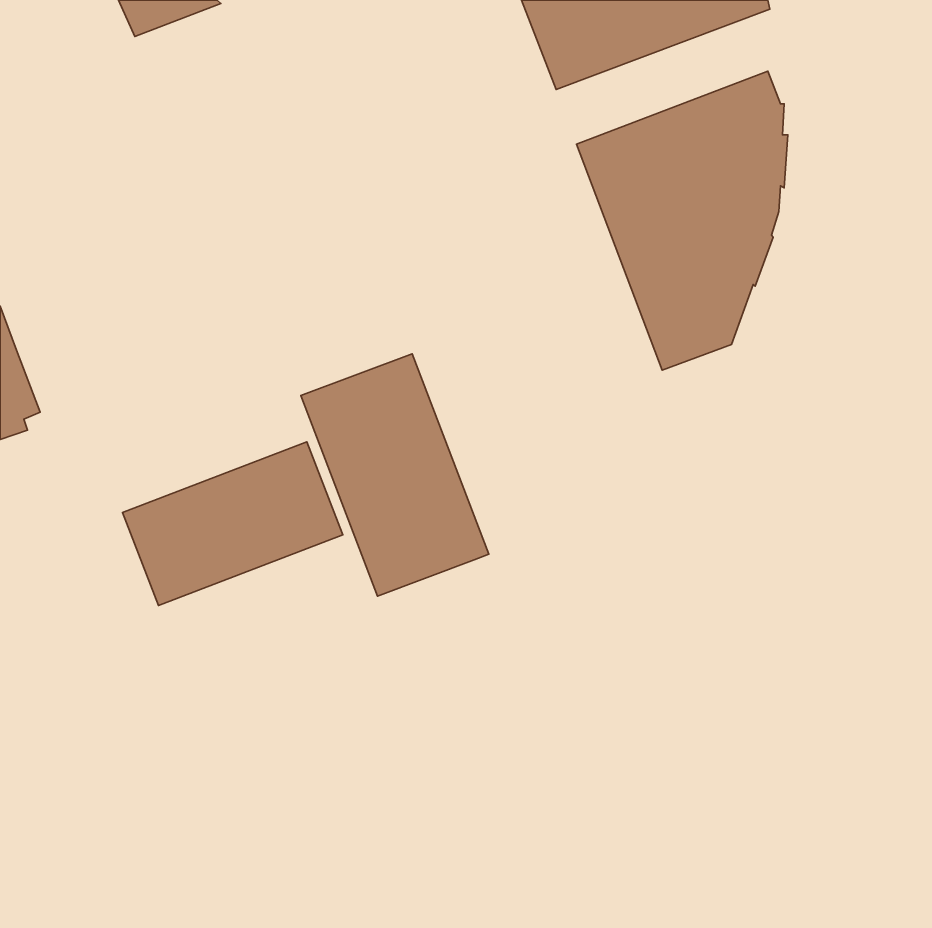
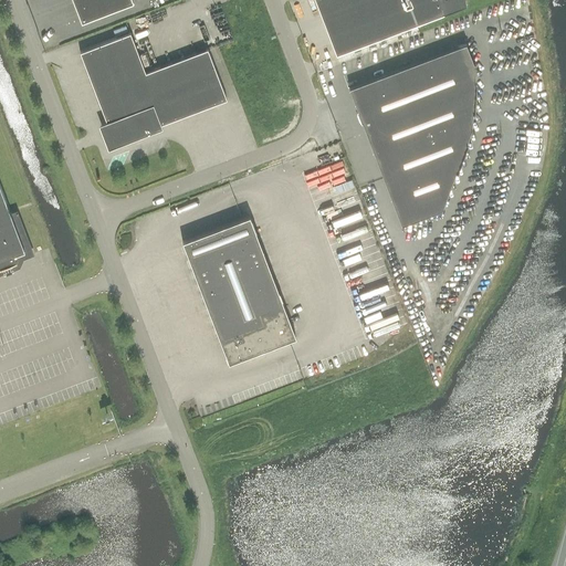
building: none -> [81,34,227,150]
building: [122,442,343,605] -> none

